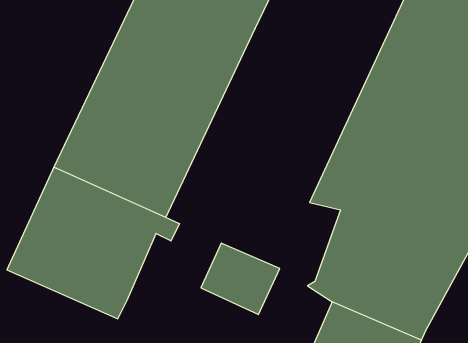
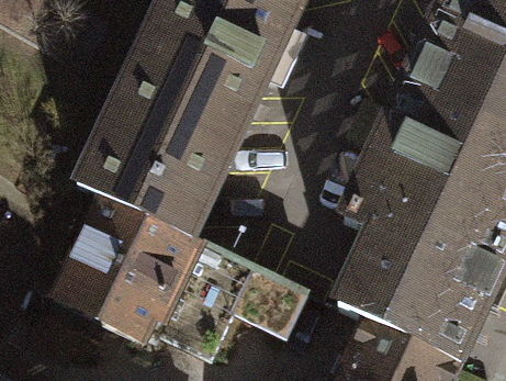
building: none -> [153,244,249,348]

